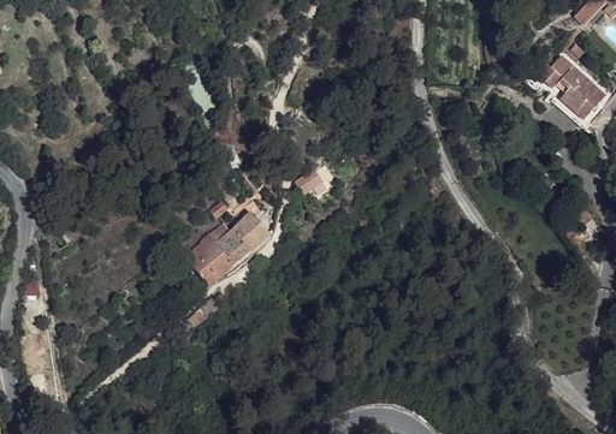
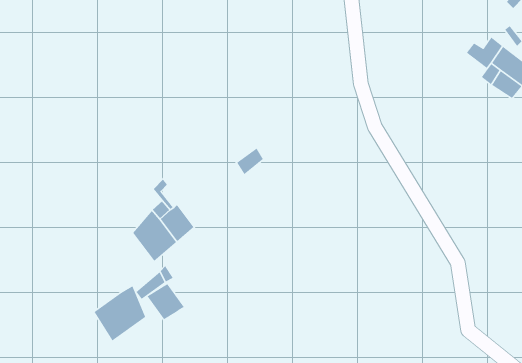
building: [233,210,271,251] -> none
building: none -> [147,283,185,320]
building: none -> [94,285,146,341]

